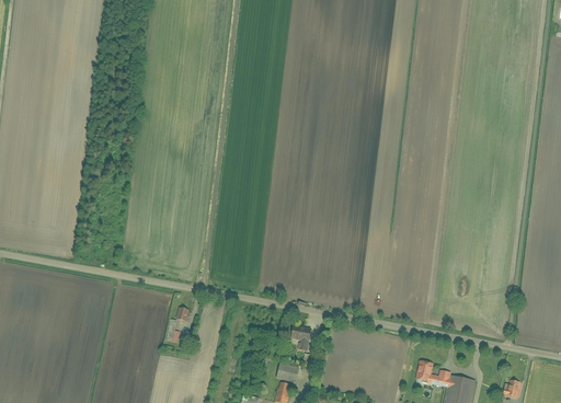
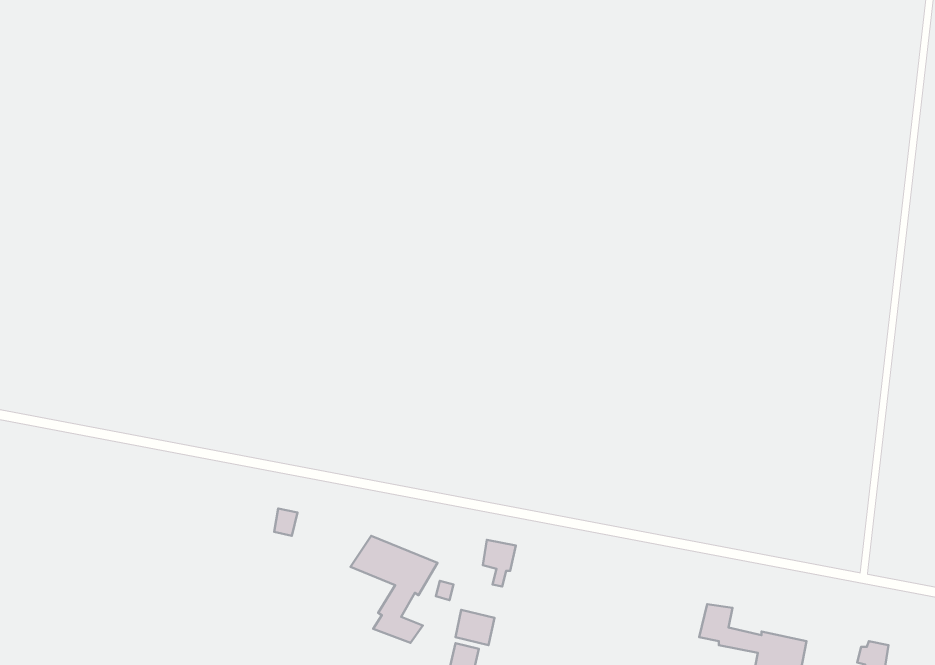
building: none -> [350,536,438,643]

